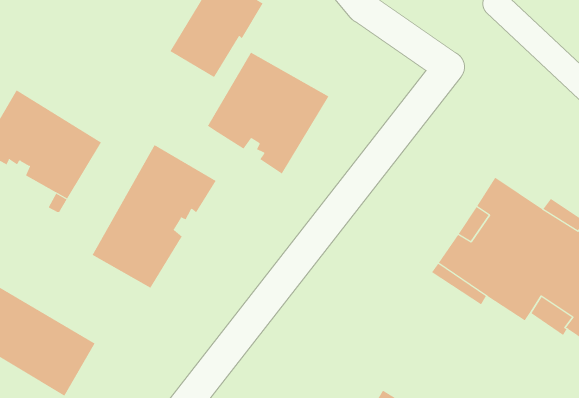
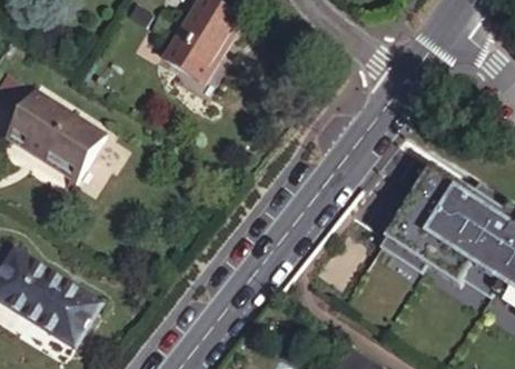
building: [207,52,329,174] -> none
building: [92,144,216,289] -> none

